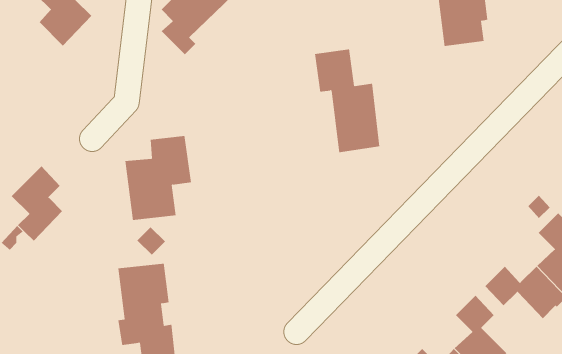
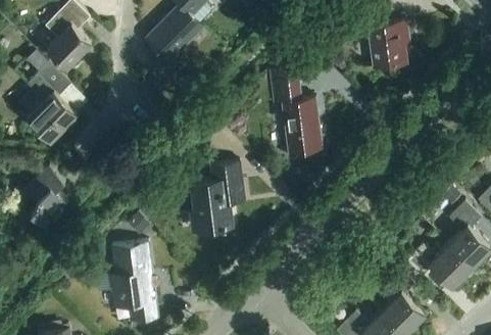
building: none -> [28,63,78,141]
building: [124,136,192,221] -> [191,163,245,232]

